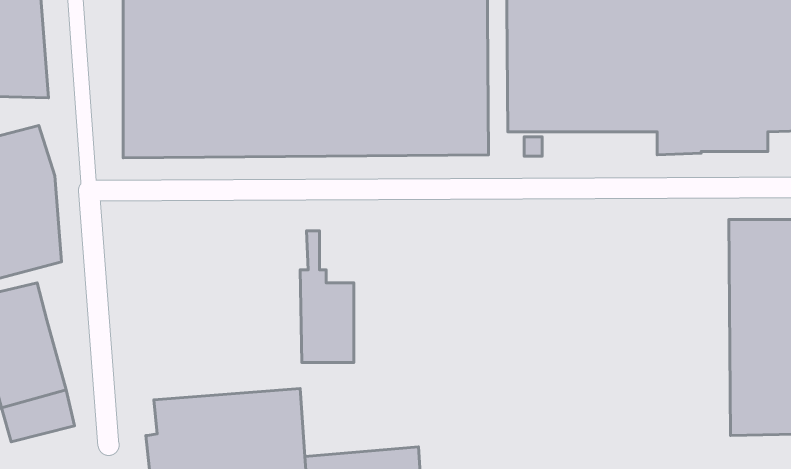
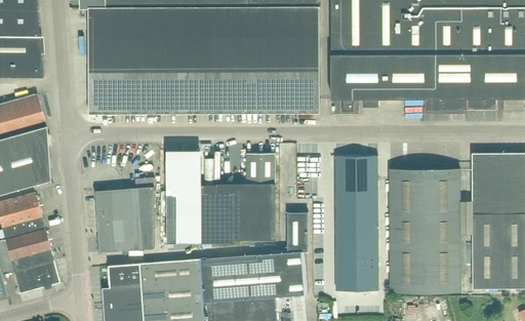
building: none -> [165,151,201,243]
building: none -> [335,153,376,290]
building: none -> [234,154,274,240]
building: none -> [390,169,459,292]
building: none -> [95,177,154,252]
building: none -> [200,212,308,303]

